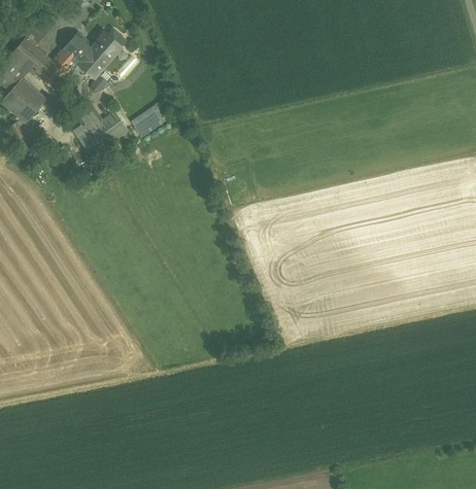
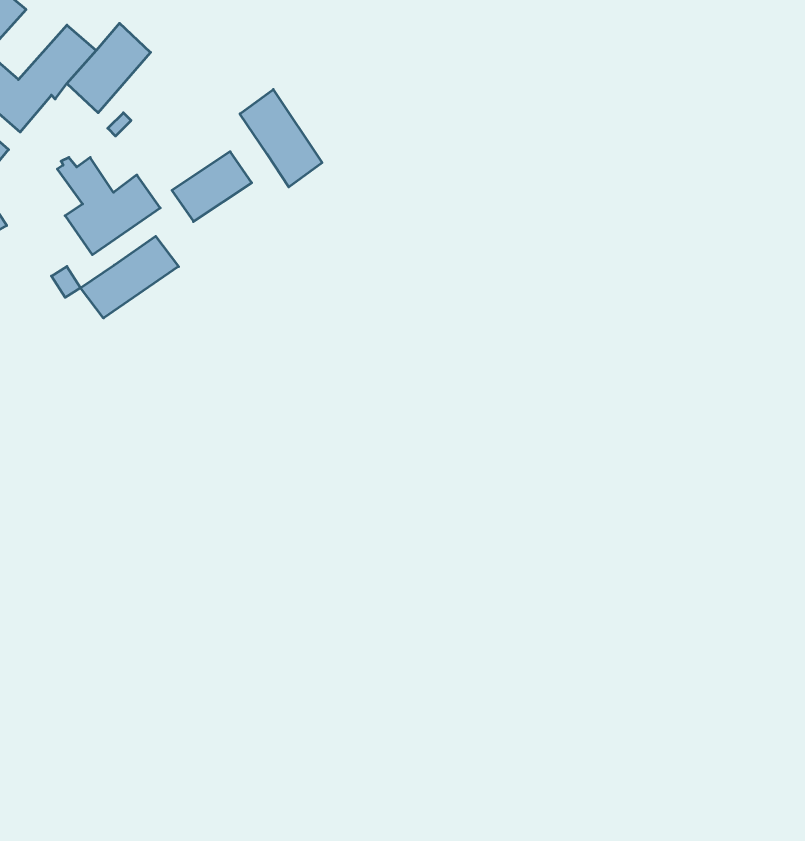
building: none -> [240,89,322,187]
building: none -> [81,236,179,318]

